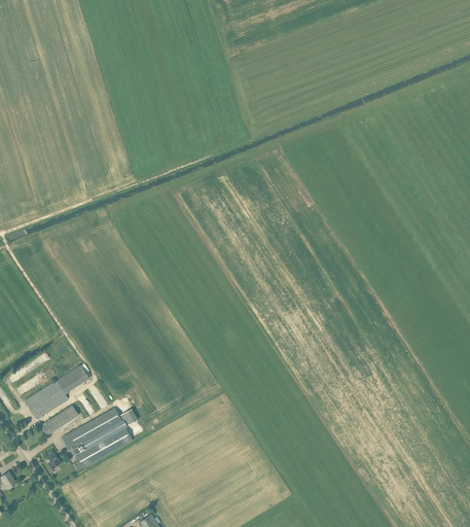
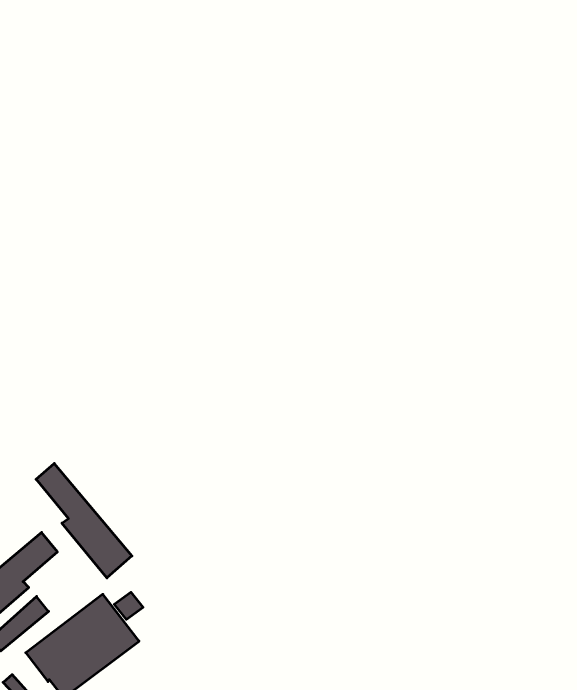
building: none -> [36,463,132,578]

